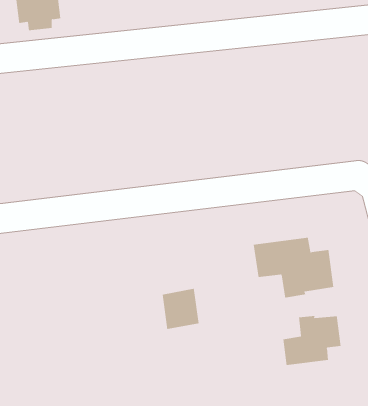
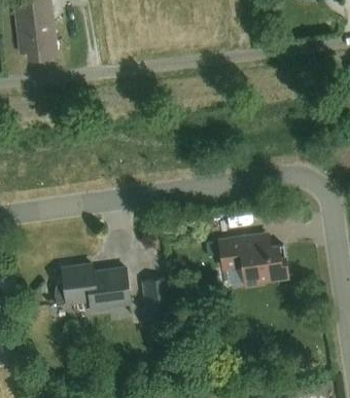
building: none -> [55,264,131,313]
building: [283,315,341,366] -> none

